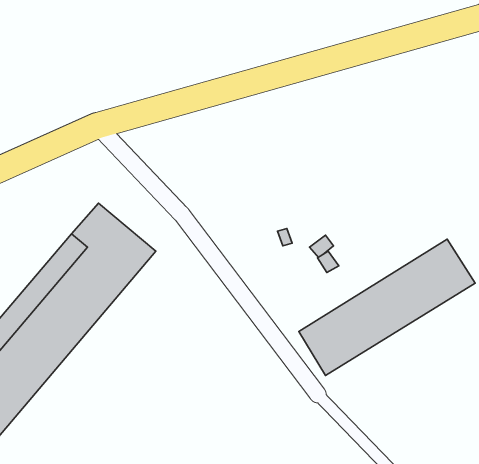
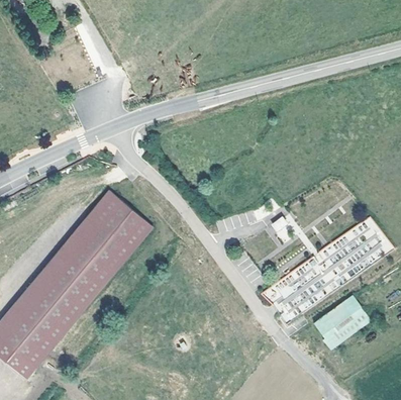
building: none -> [315,304,356,343]

